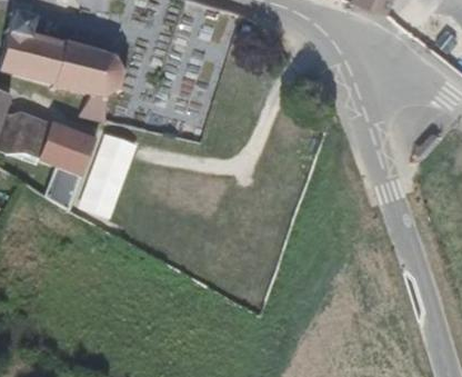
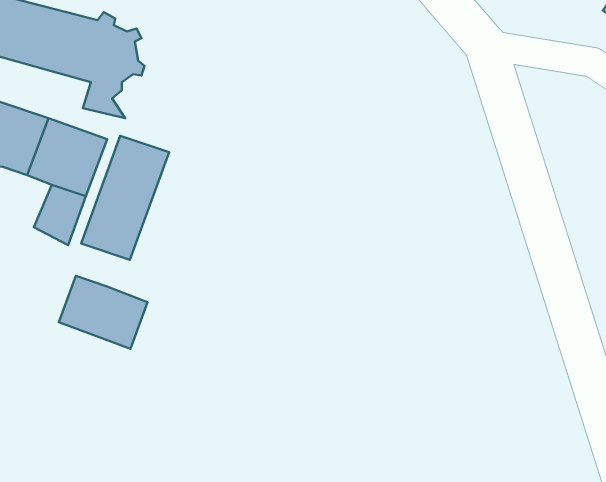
building: none -> [59,276,147,349]

